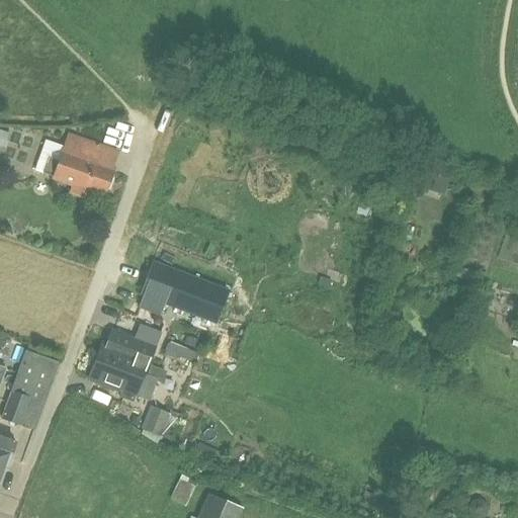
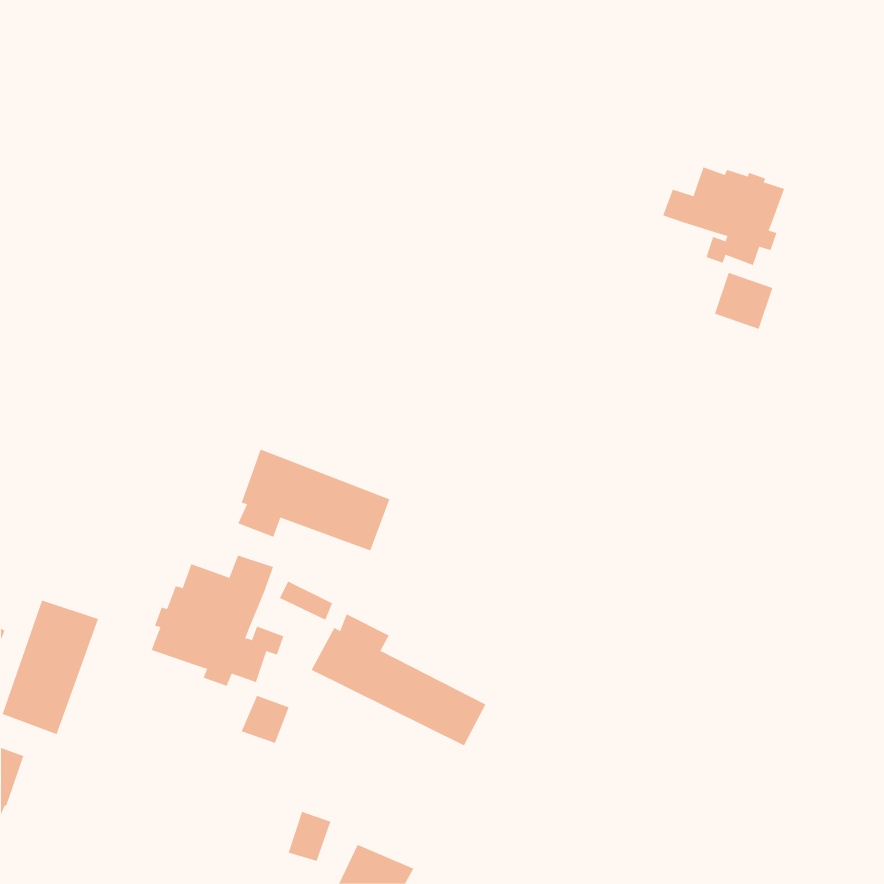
building: none -> [662,167,785,266]
building: [34,136,112,194] -> none
building: none -> [311,614,486,746]

